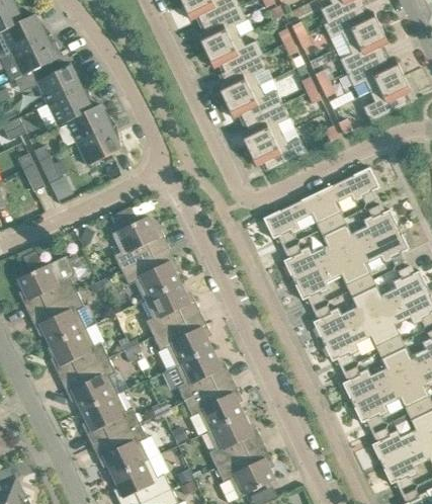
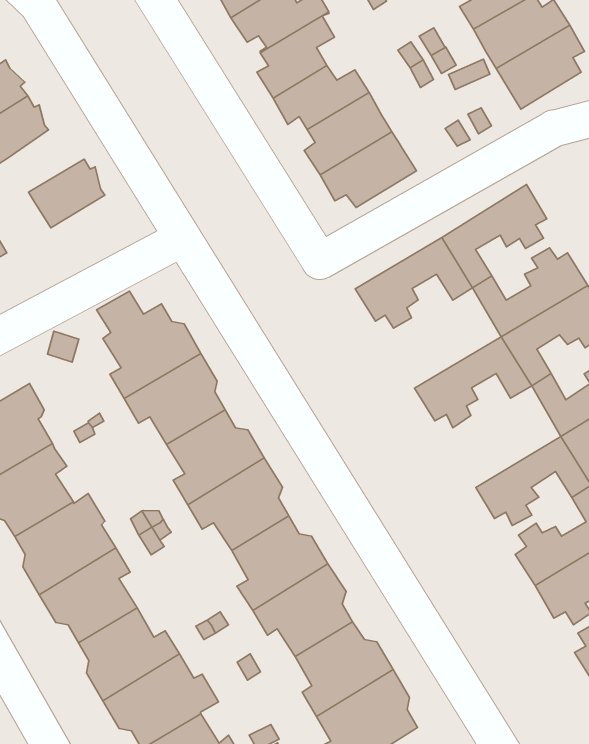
building: [67,104,111,144] -> none
building: [283,225,346,280] -> none
building: [313,285,375,342] -> none

